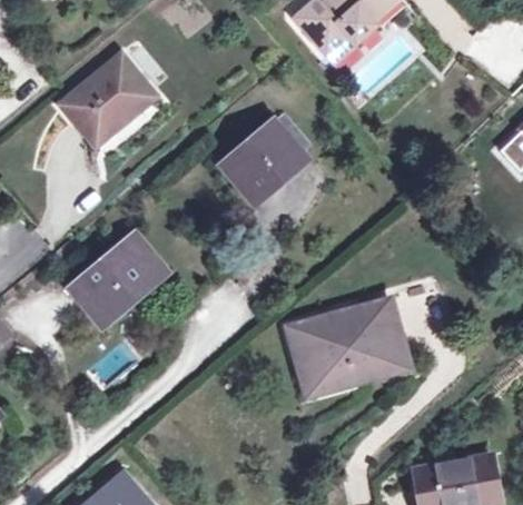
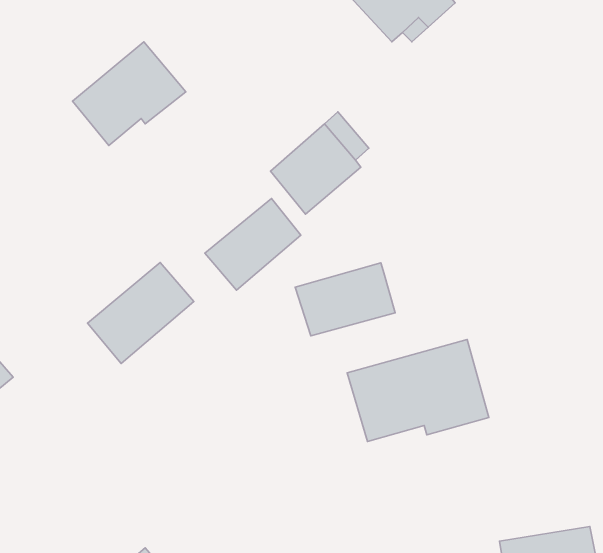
building: none -> [205,199,301,290]
building: none -> [295,263,395,336]

